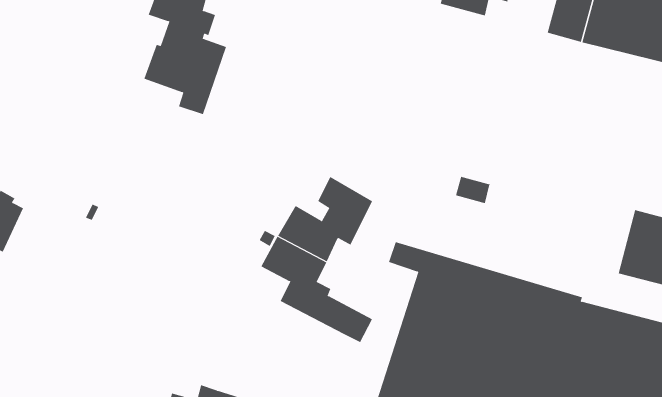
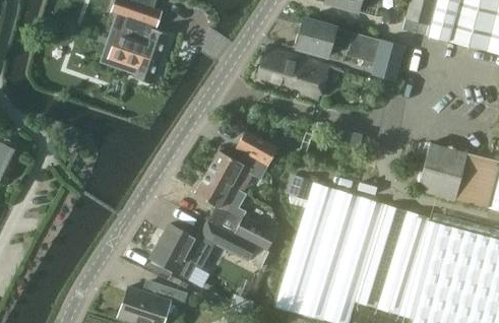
building: none -> [296,18,404,81]
building: none -> [256,48,328,99]
building: none -> [417,143,466,200]
building: none -> [150,220,254,278]

